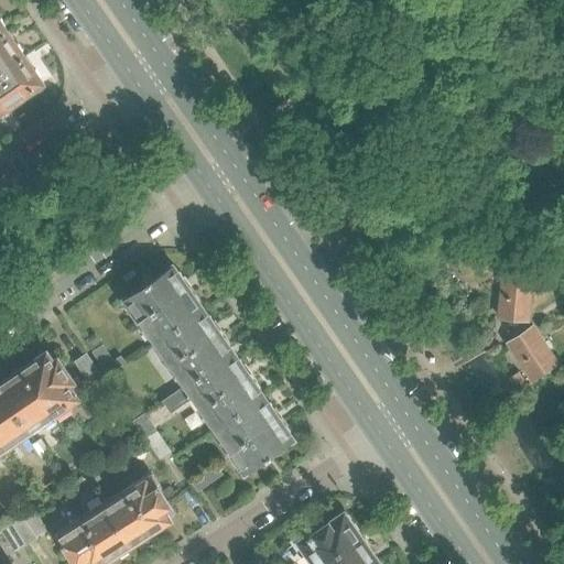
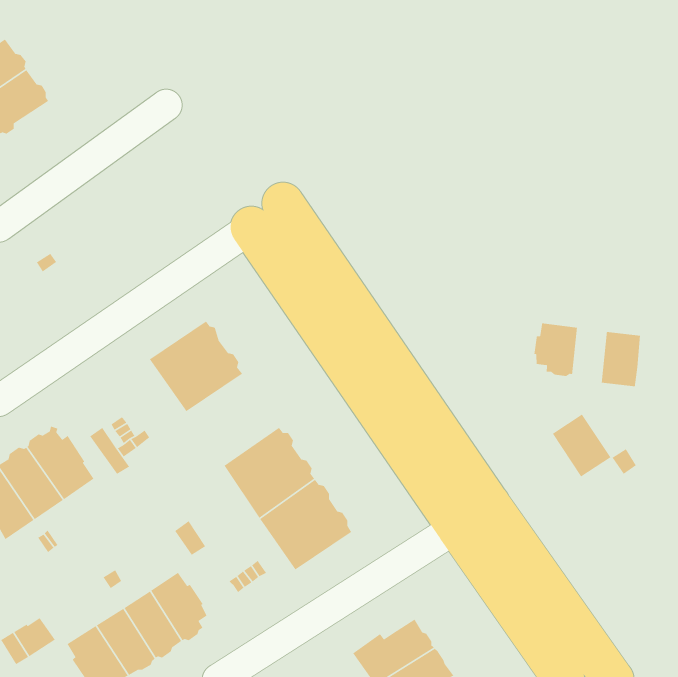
building: none -> [534,323,578,377]
building: [154,312,231,388] -> none
building: [507,329,556,382] -> [552,414,612,477]

